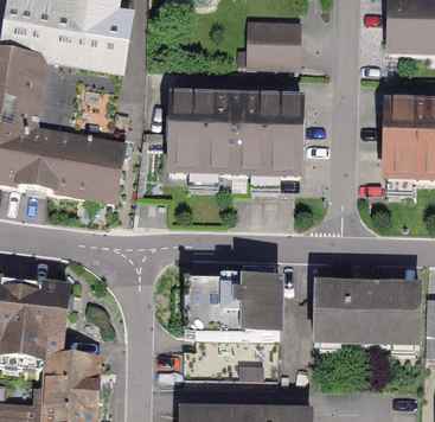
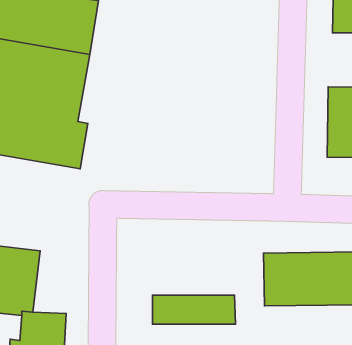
building: [245,14,299,64] -> none
building: [166,95,301,179] -> none
building: [198,277,277,322] -> none

